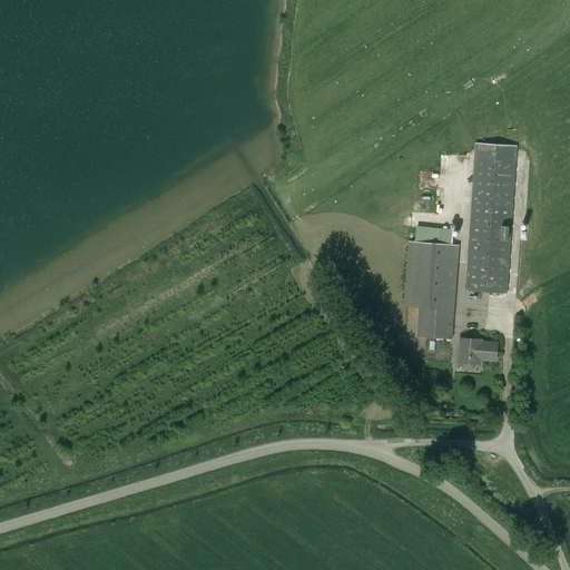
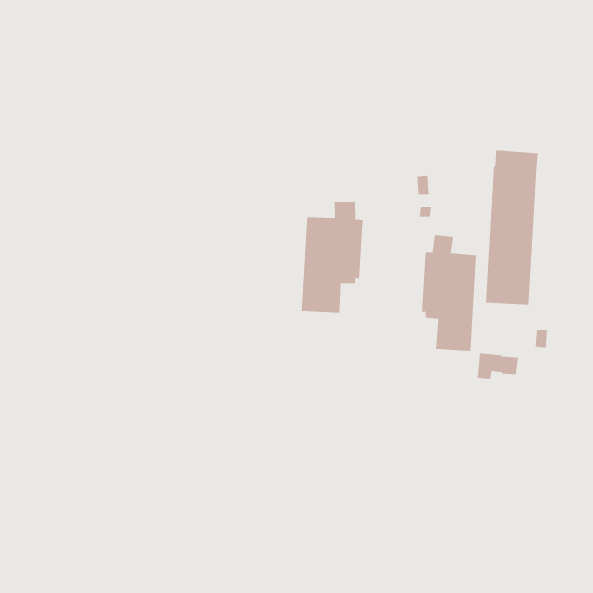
building: none -> [301,201,363,314]

